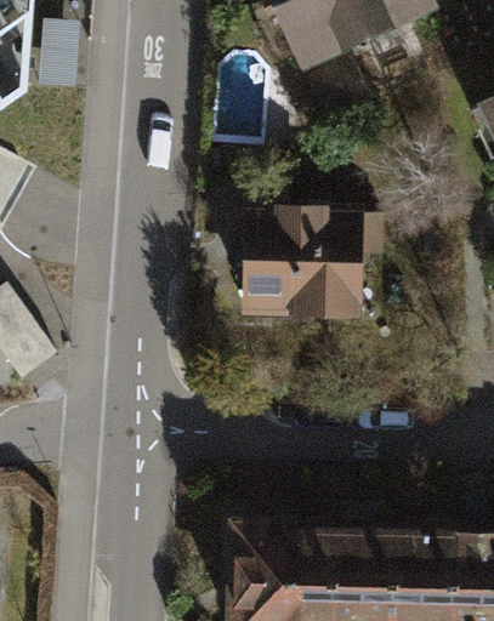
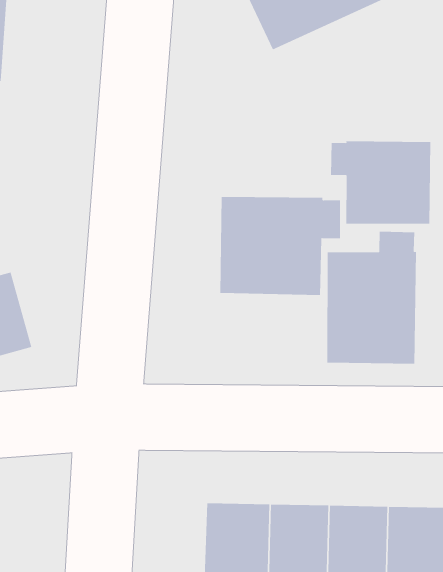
building: none -> [330,140,431,225]
building: none -> [327,231,416,364]

